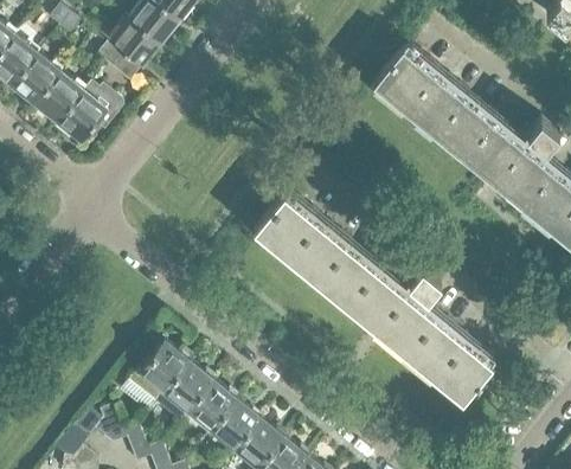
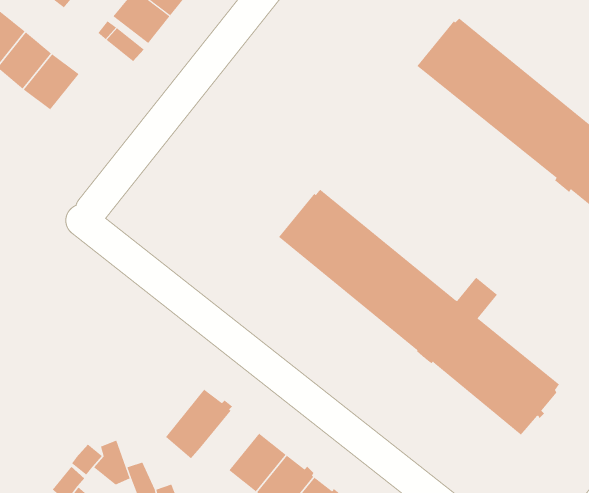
building: [57,84,122,143] -> none
building: [127,343,188,405] -> none
building: [186,383,237,433] -> none

